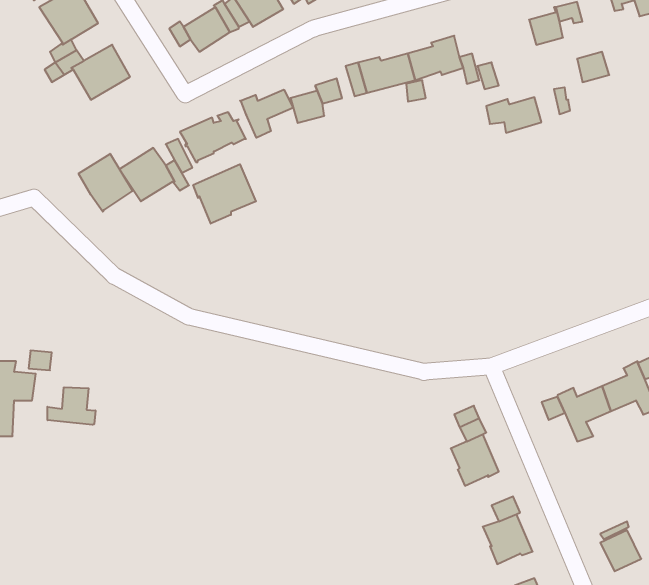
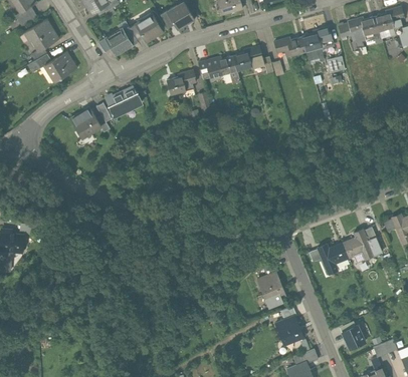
building: [240,90,293,138] -> none
building: [486,97,541,133] -> [274,37,305,57]
building: [79,154,133,212] -> none
building: [193,164,256,224] -> none
building: [47,387,95,425] -> none

